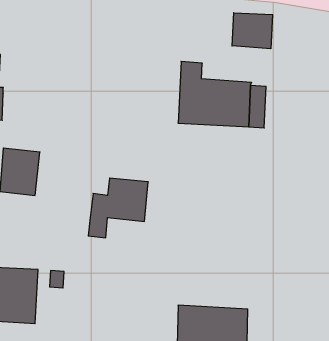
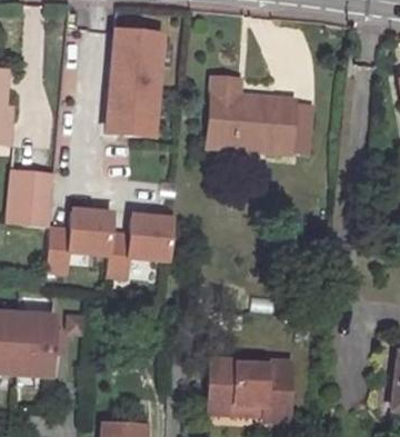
building: [232,13,273,49] -> none
building: none -> [103,24,169,139]
building: none -> [44,206,116,275]

